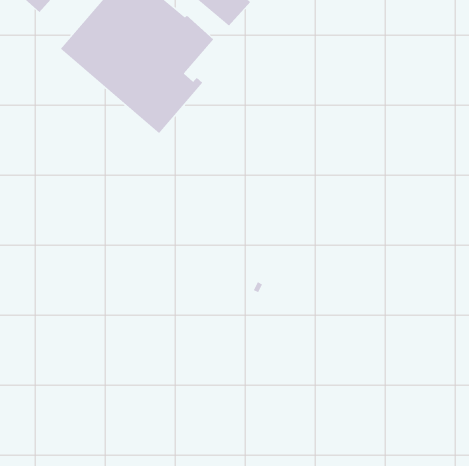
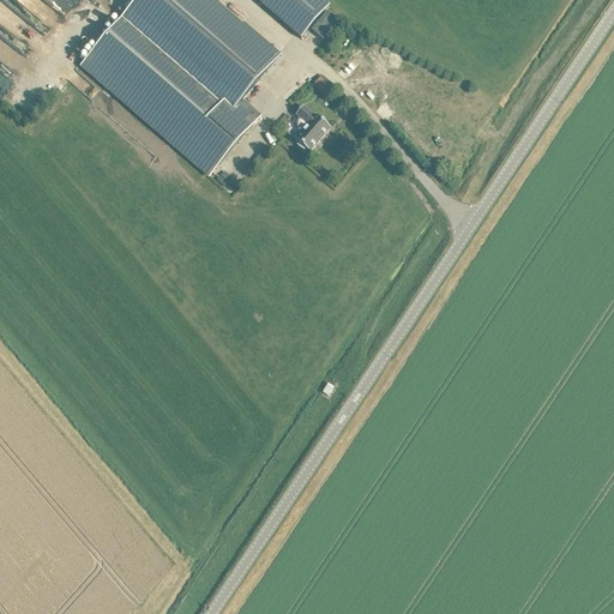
building: none -> [294,103,329,149]

